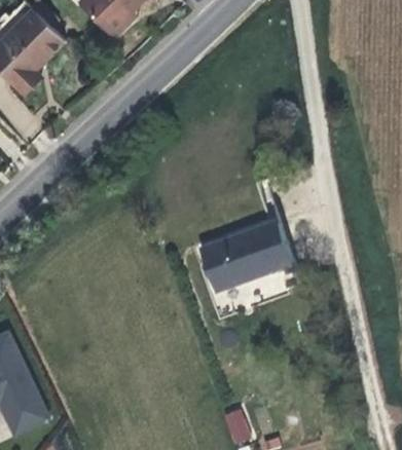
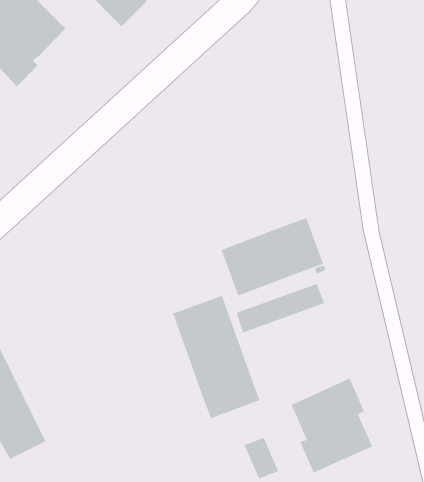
building: none -> [172,295,261,419]
building: none -> [290,378,373,474]

